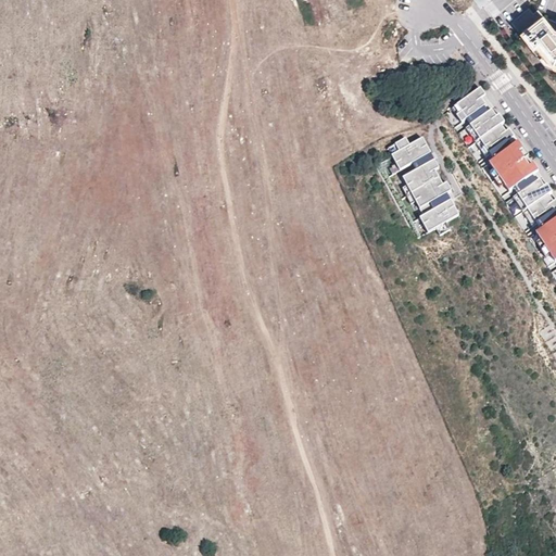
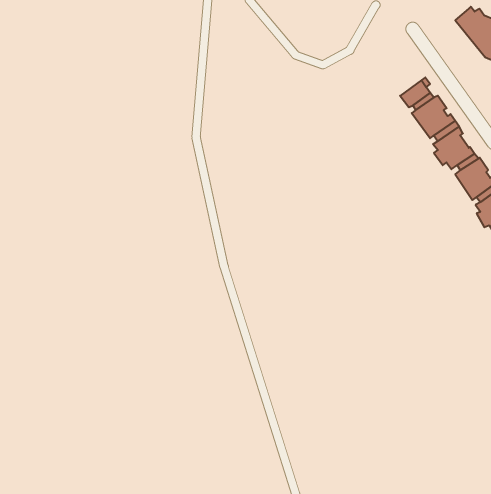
building: [389,138,458,235] -> none

